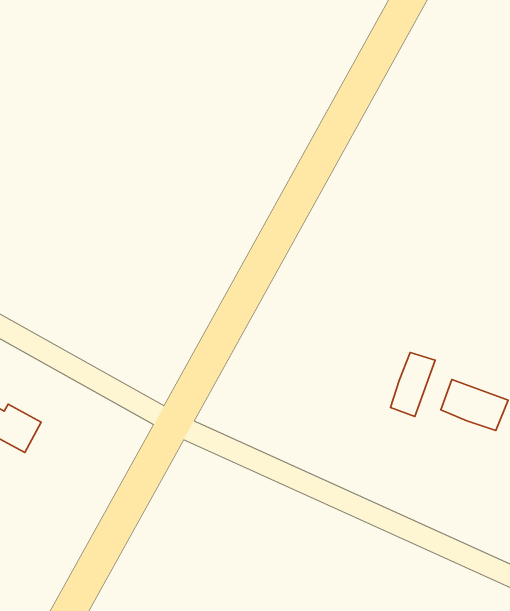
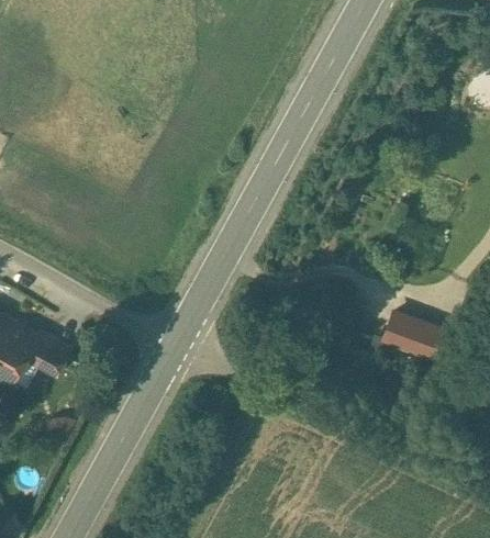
building: [391,352,435,416] -> none

